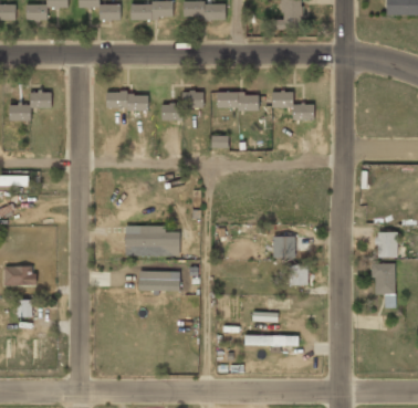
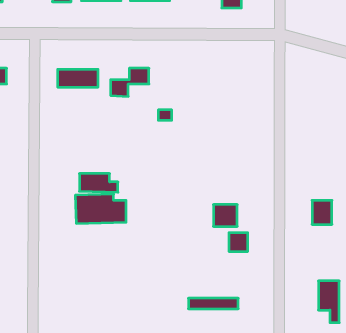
building: [216,92,258,109] -> none
building: [271,92,313,121] -> none
building: [373,264,395,308] -> [318,281,339,323]
building: [138,271,179,291] -> [79,174,118,192]

